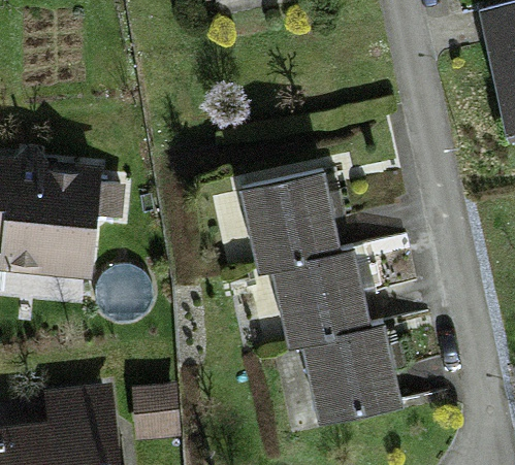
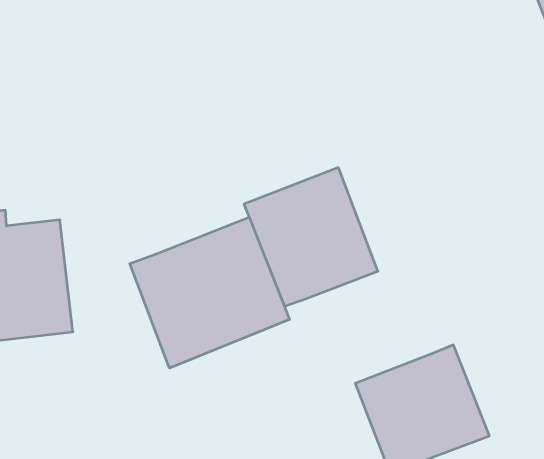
building: none -> [130,217,289,368]
building: [277,256,368,346] -> none

